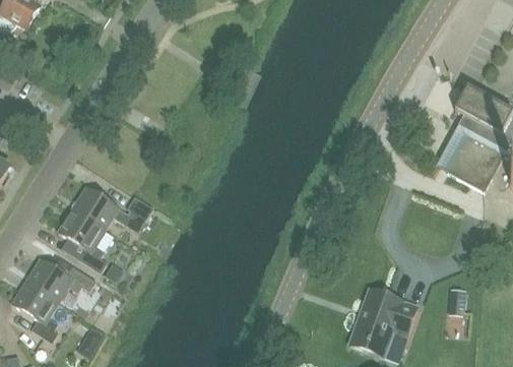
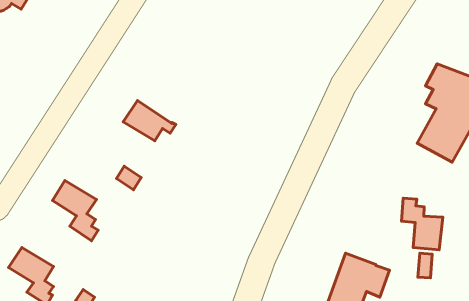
building: [71,188,127,231] -> [123,101,176,141]
building: none -> [402,198,443,250]
building: [25,259,95,302] -> none

